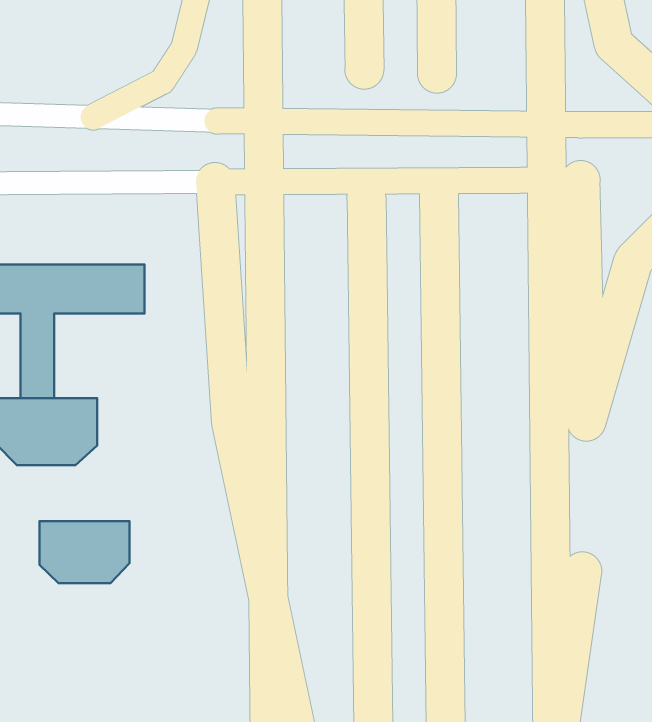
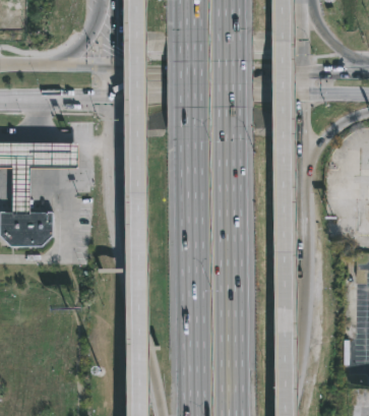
building: [39,521,129,583] -> none

